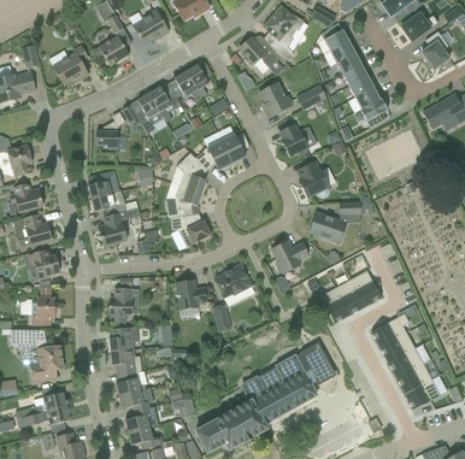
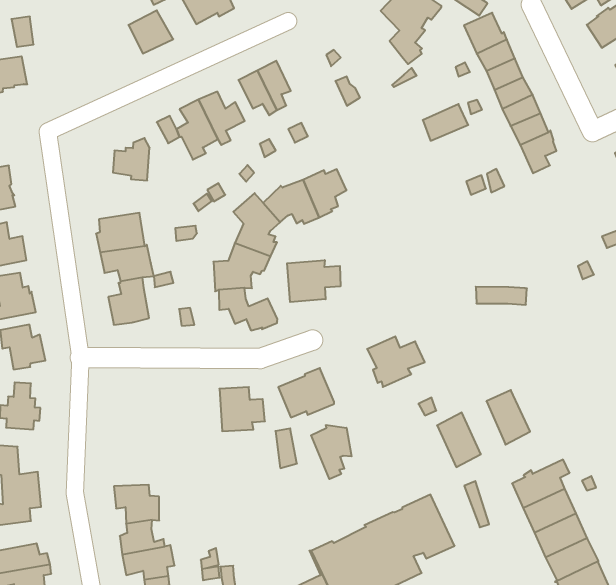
building: [240,35,282,67] -> none
building: [54,53,89,84] -> none
building: [259,82,293,114] -> none
building: [279,124,313,155] -> none
building: [298,161,329,196] -> none
building: none -> [287,260,340,302]
building: [310,212,347,242] -> none
building: [336,278,366,313] -> none
building: [111,288,133,320] -> none
building: none -> [311,425,352,479]
building: [110,325,139,351] -> none

